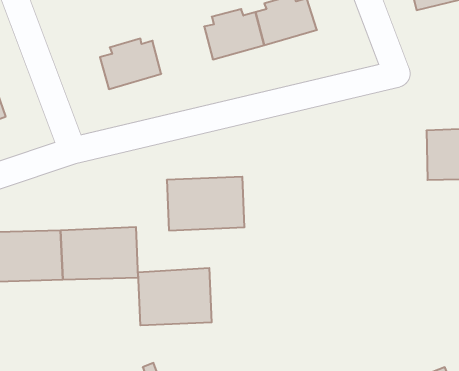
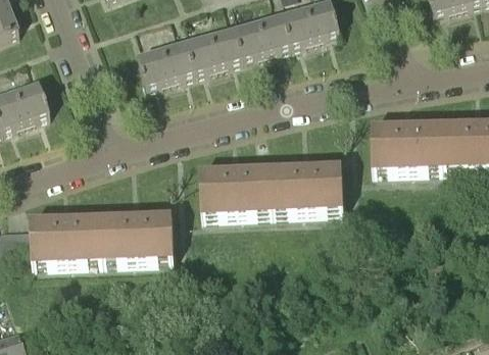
building: none -> [187,27,243,73]
building: none -> [372,126,443,173]
building: none -> [271,167,343,216]
building: [138,268,212,325] -> none

